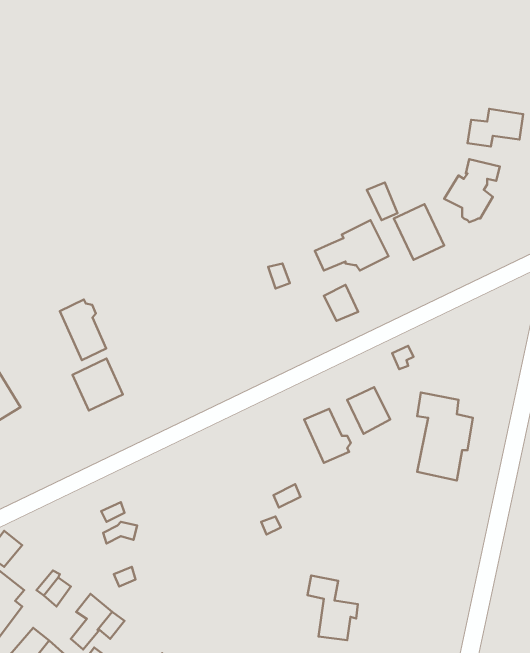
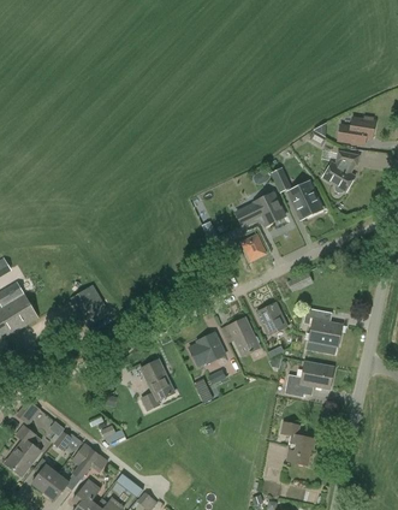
building: [60,299,106,360] -> none
building: none -> [190,334,225,367]
building: none -> [139,360,174,411]
building: none -> [284,361,334,398]
building: [308,575,358,640] -> [280,421,314,464]

